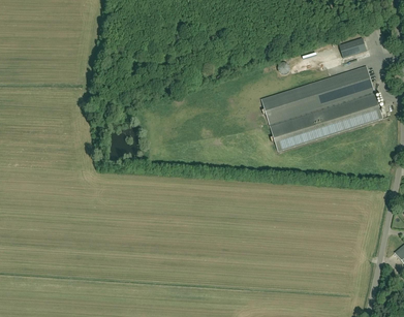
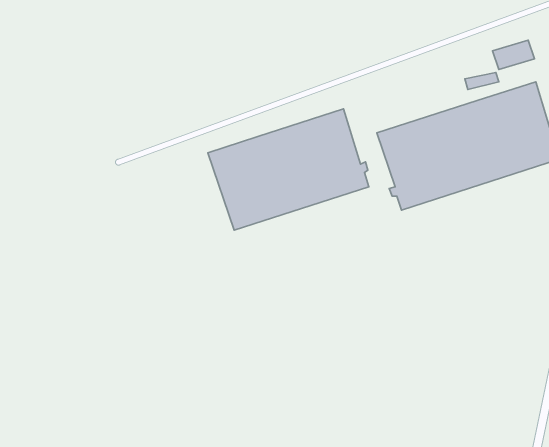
building: none -> [208,109,369,230]

